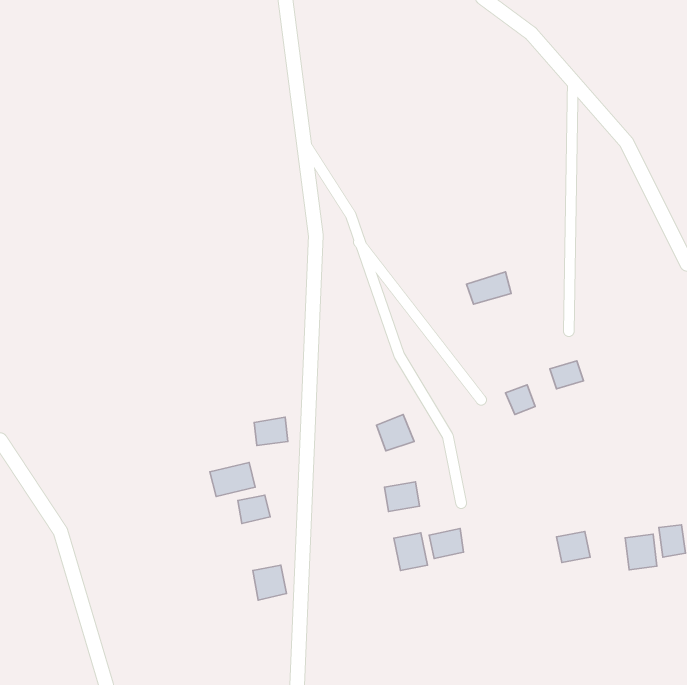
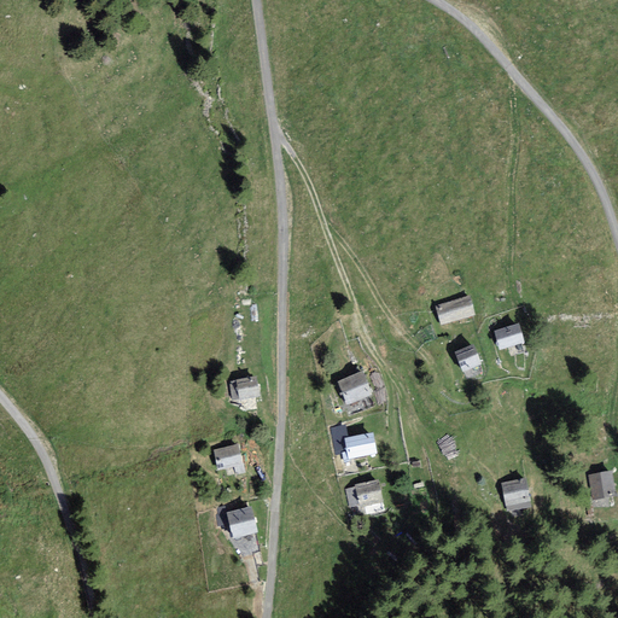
building: [467,272,511,304] -> [435,295,474,323]
building: [210,462,255,496] -> none
building: [429,528,463,558] -> none
building: [625,534,657,570] -> none

